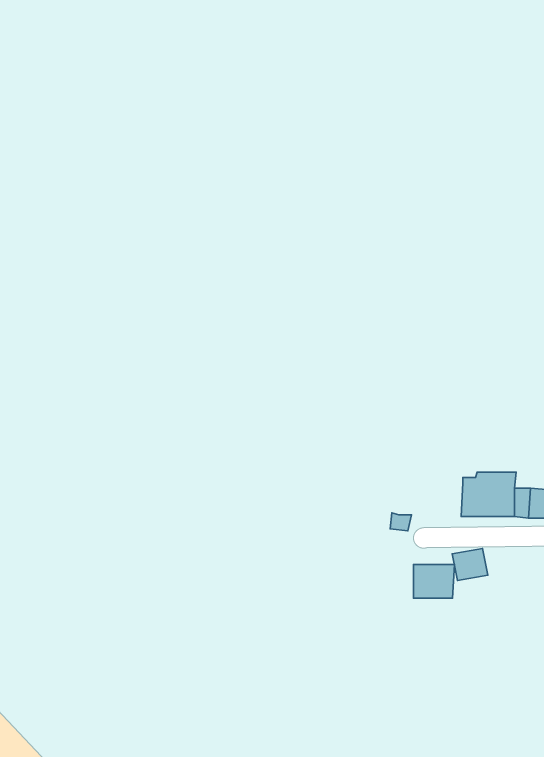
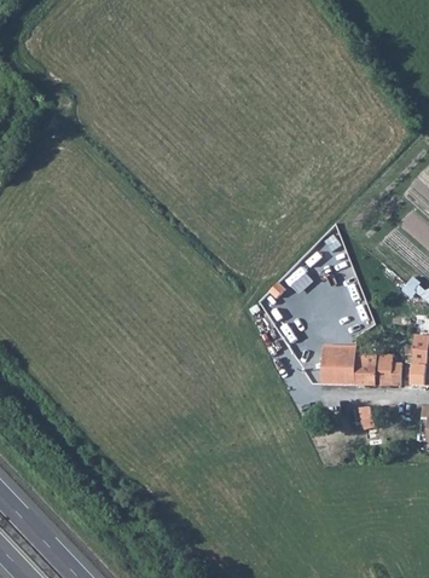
building: [413,564,454,598] -> [326,359,354,382]

